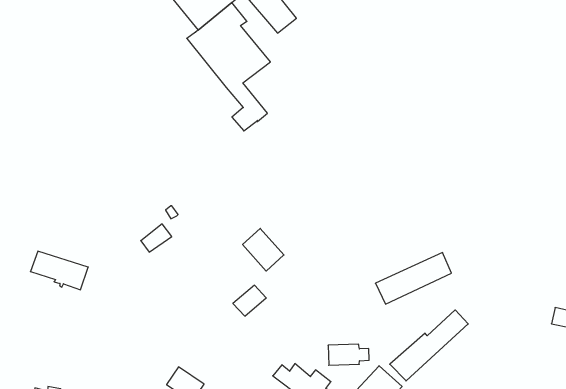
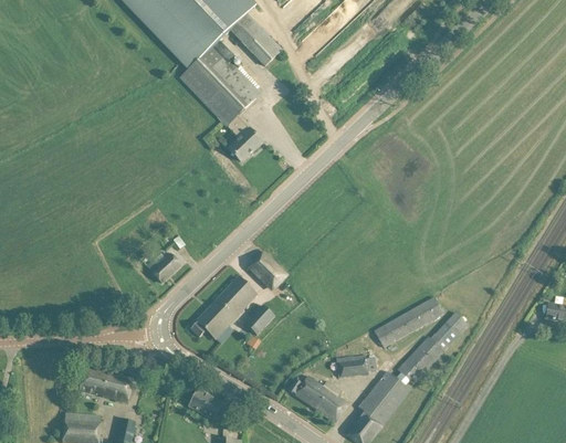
building: [30,251,88,290] -> [78,368,133,401]
building: [375,253,451,304] -> [373,296,443,349]
building: none -> [189,276,256,338]

